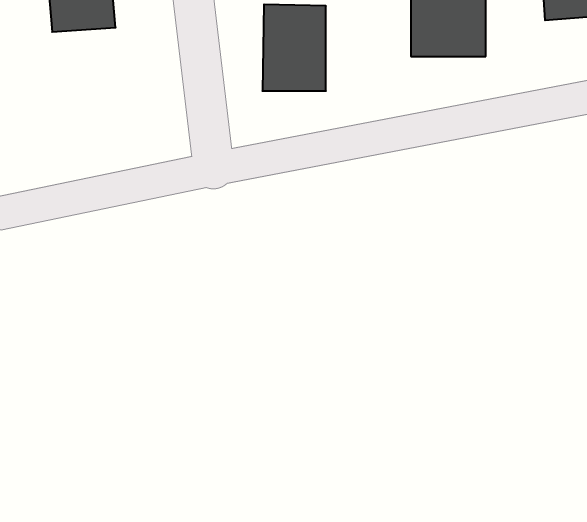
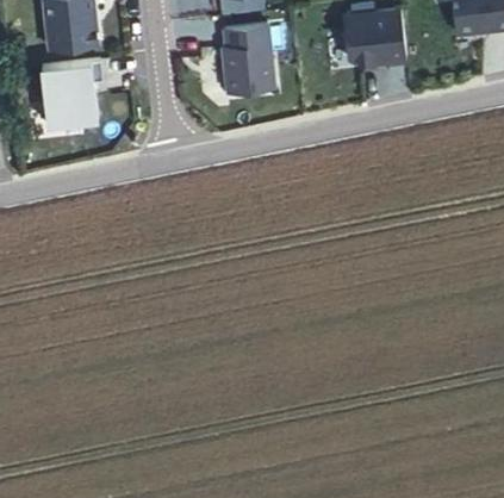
building: none -> [39,58,95,118]

